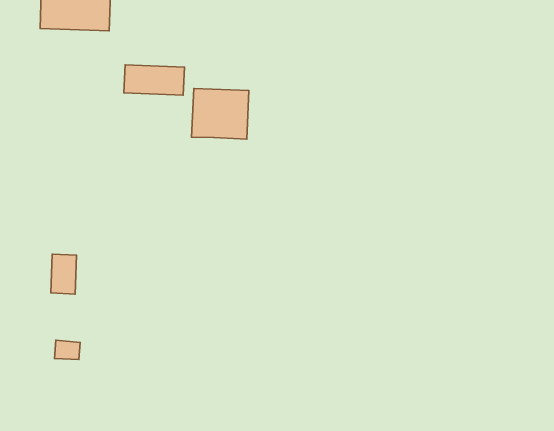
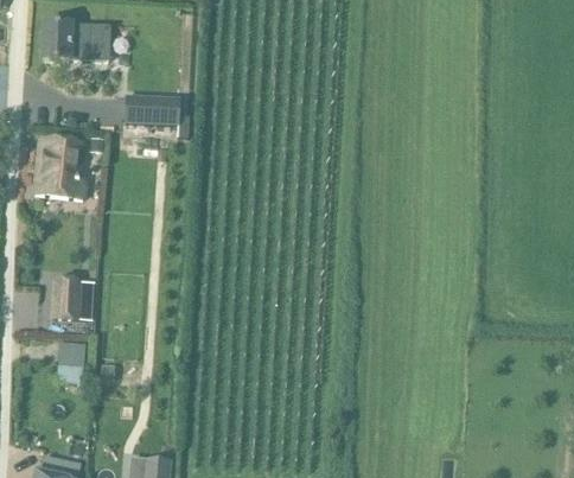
building: [192,88,249,139] -> none
building: none -> [36,139,85,198]

